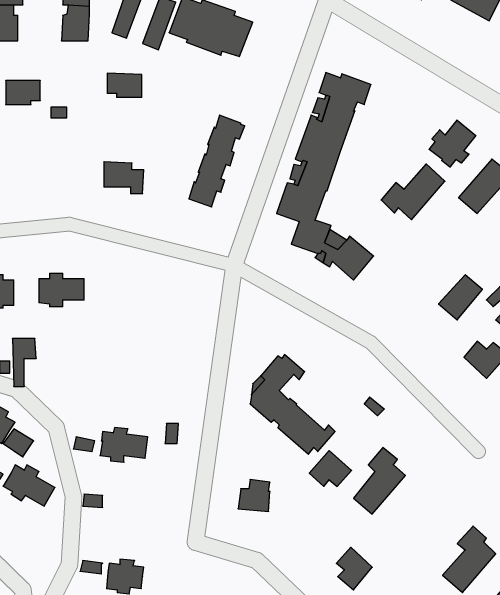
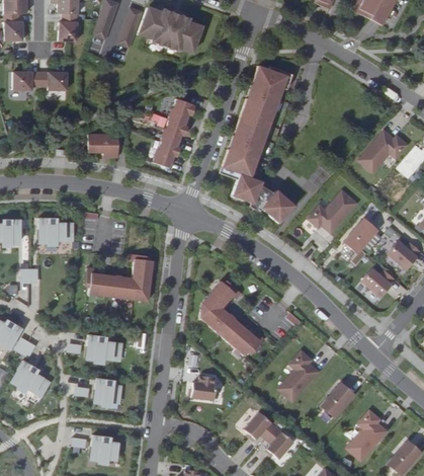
building: [107,73,142,97] -> [40,71,67,89]
building: [429,120,476,167] -> none
building: [381,164,445,220] -> [309,190,357,233]
building: none -> [86,253,154,301]
building: [309,451,352,486] -> [245,411,277,439]
building: none -> [94,378,122,405]
building: none -> [322,383,354,417]

